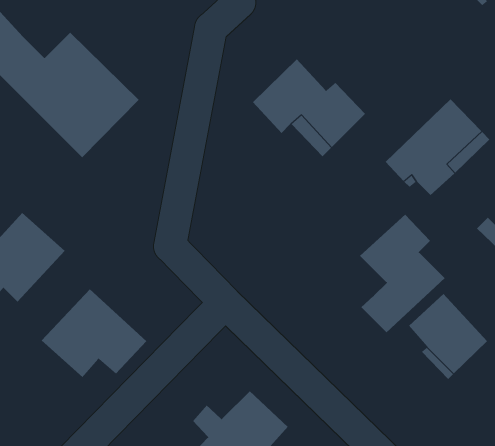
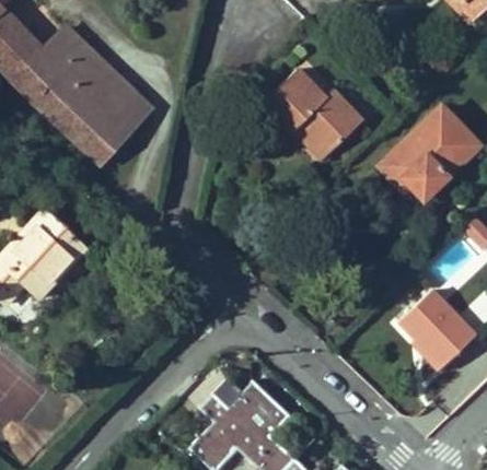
building: none -> [43,26,86,69]
building: [359,214,445,333] -> none
building: [41,288,147,378] -> none

